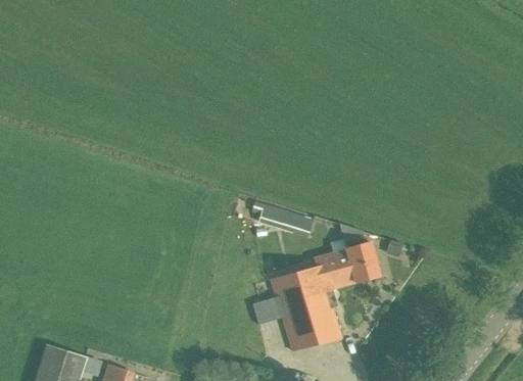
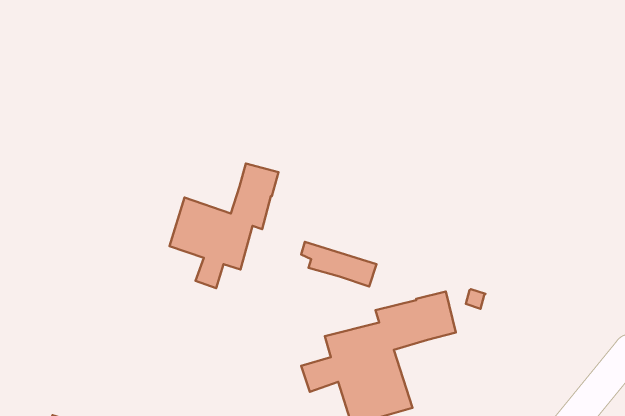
building: none -> [169,164,279,288]

